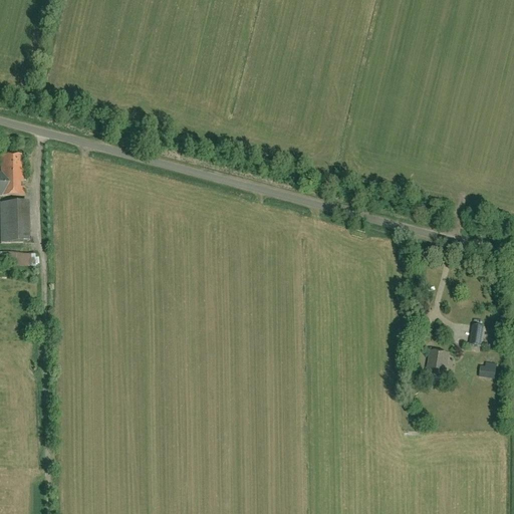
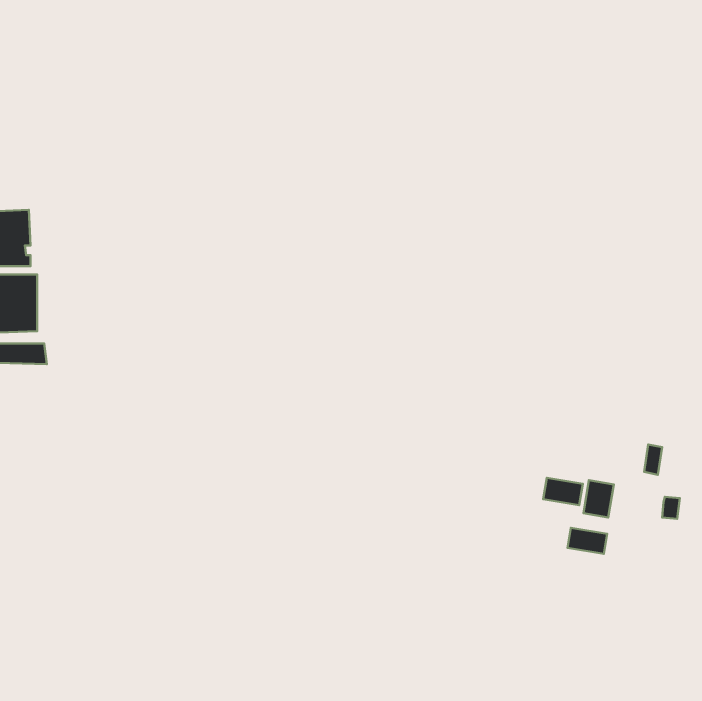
building: none -> [543,478,583,505]
building: none -> [567,528,607,554]

